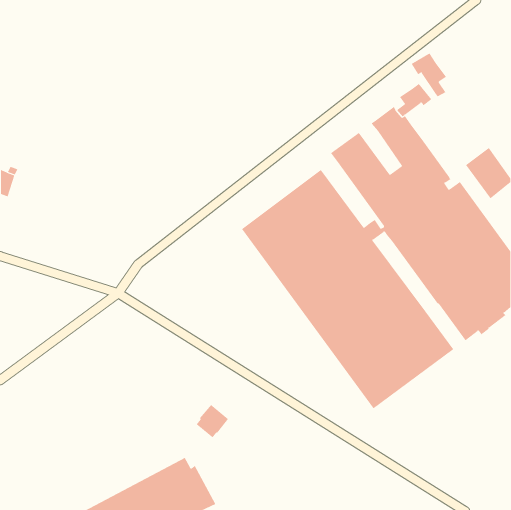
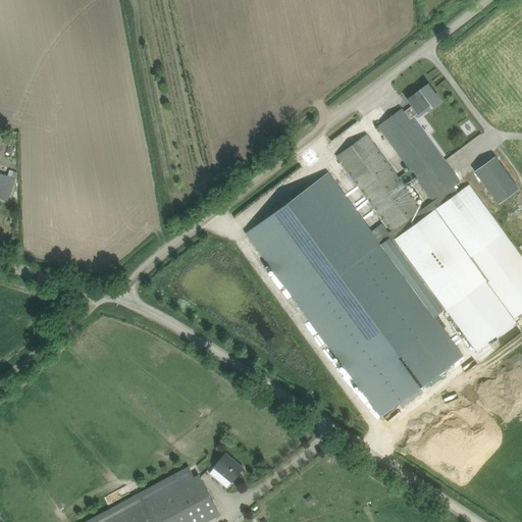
building: [411,53,447,97] -> none
building: [196,404,229,438] -> [210,454,244,488]

